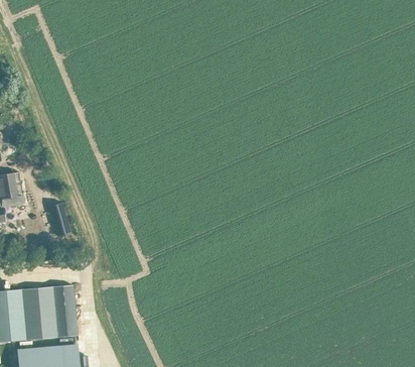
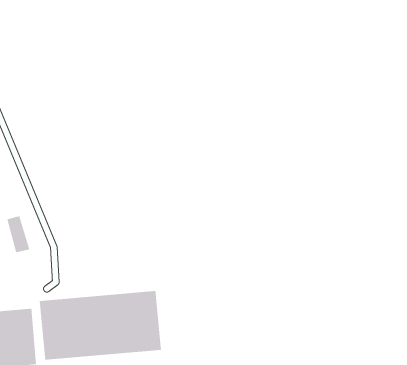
building: none -> [39,290,161,360]

